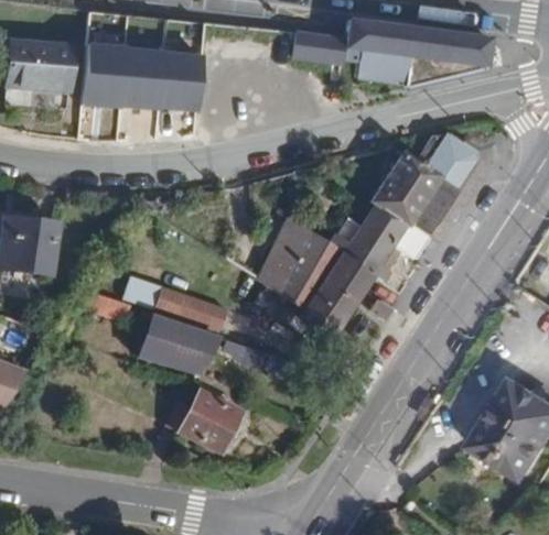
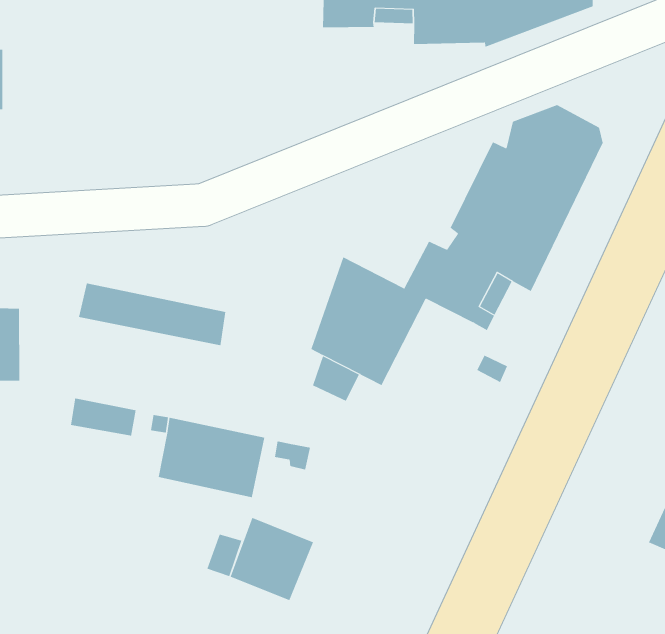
building: [84,43,204,110] -> none
building: [298,255,373,340] -> none
building: [123,274,227,330] -> [78,283,226,346]

